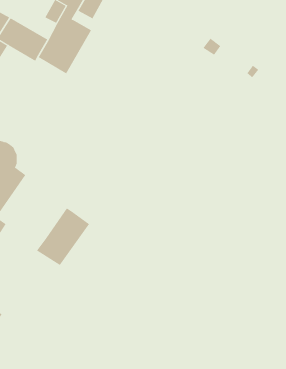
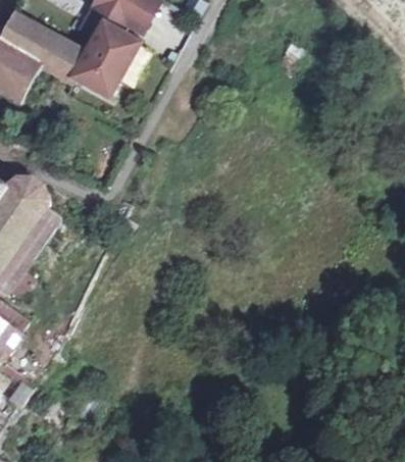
building: [36,207,90,266] -> none

